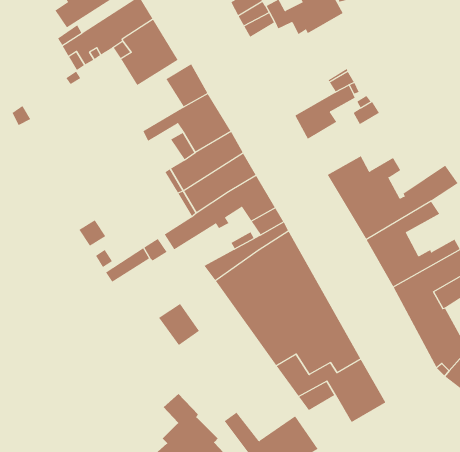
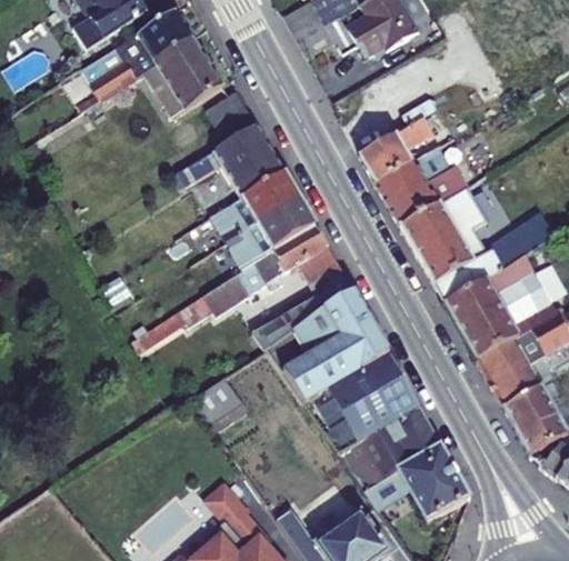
building: none -> [377,160,469,223]
building: none -> [496,270,553,320]

